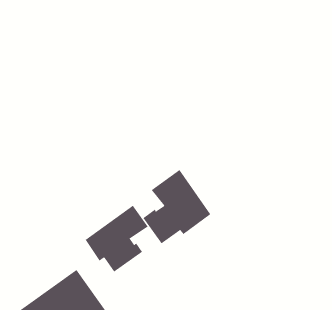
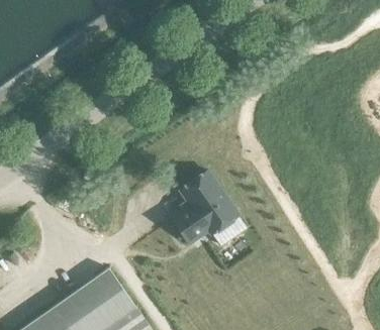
building: [85,205,149,272] -> none

